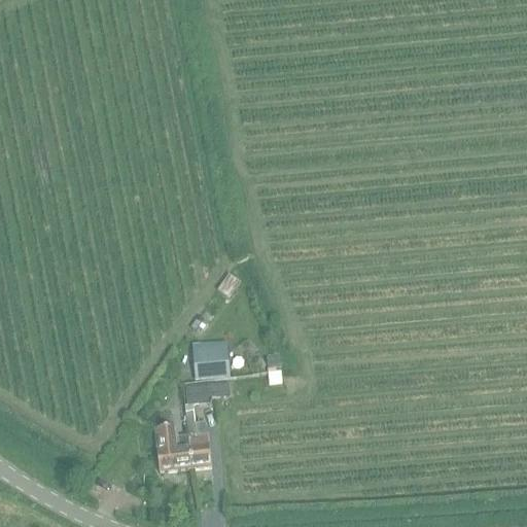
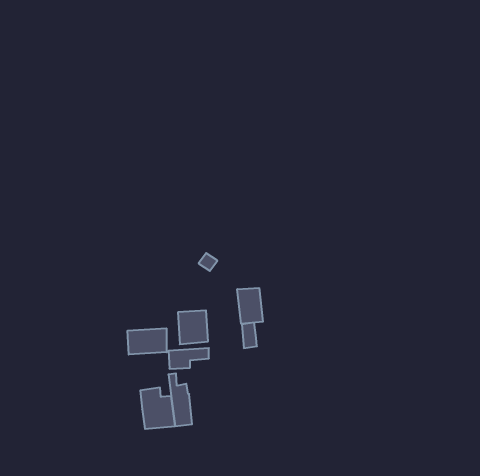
building: none -> [237,288,263,324]
building: none -> [128,328,167,355]

